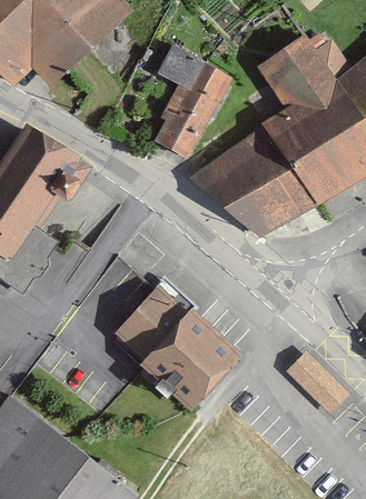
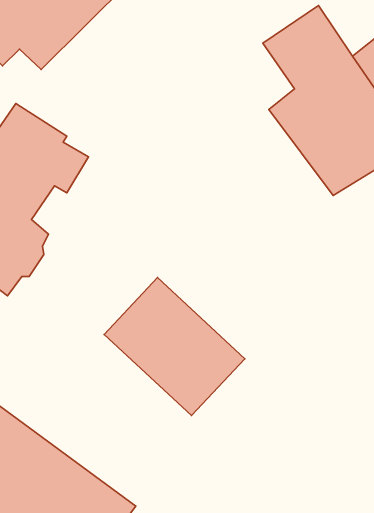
building: [151,39,233,160] -> none
building: [189,126,319,240] -> none
building: [285,355,346,417] -> none

